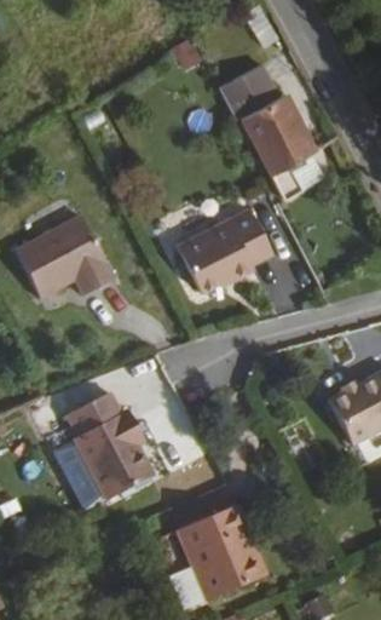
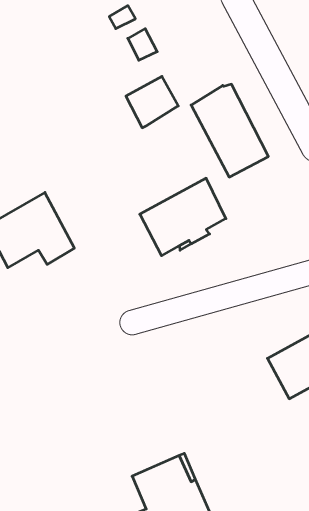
building: [220,64,278,121] -> [126,76,178,128]
building: [54,395,146,511] -> none

